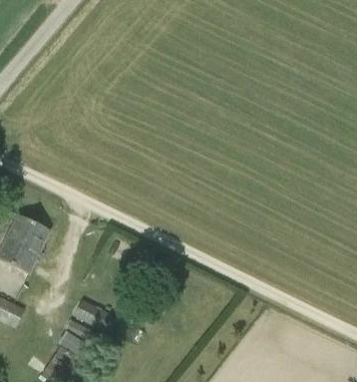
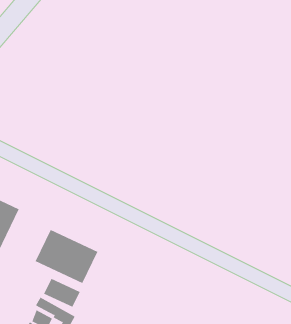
building: none -> [35,229,98,284]

